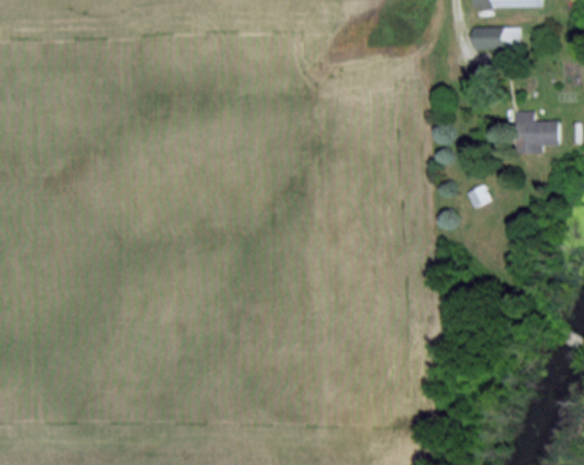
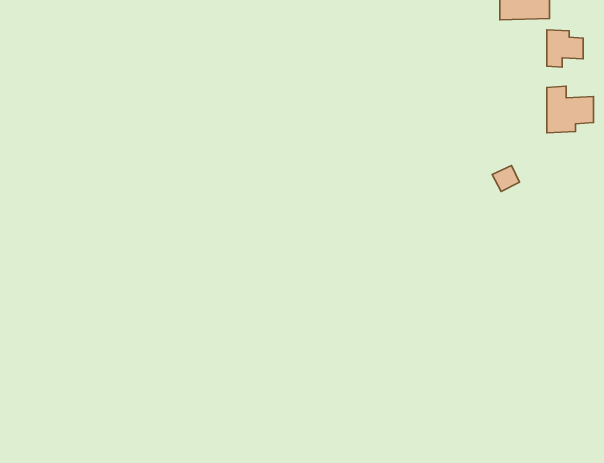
building: none -> [547,30,583,67]

